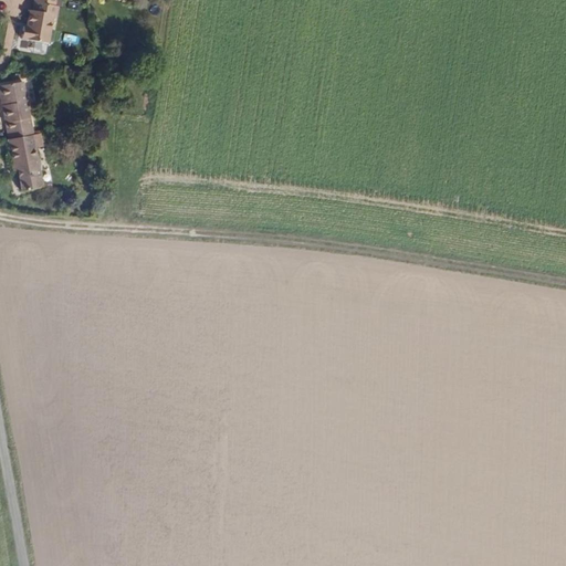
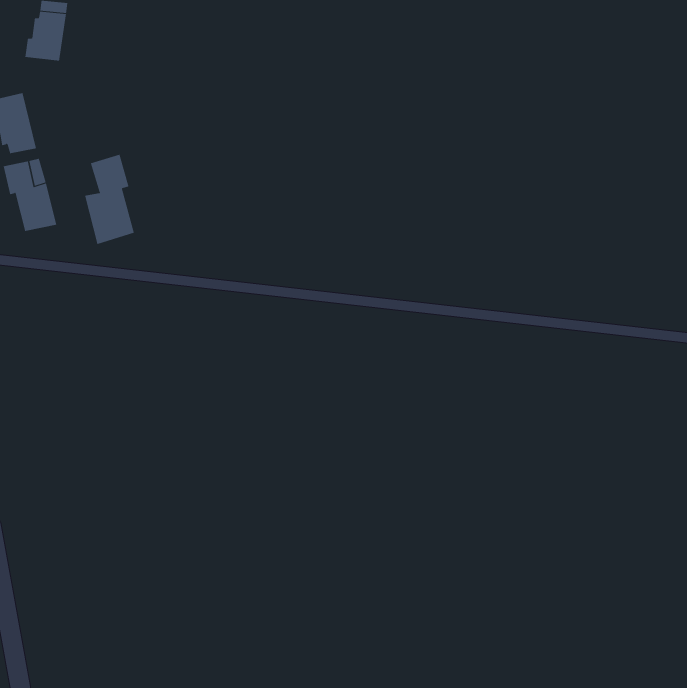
building: none -> [84,154,135,245]

